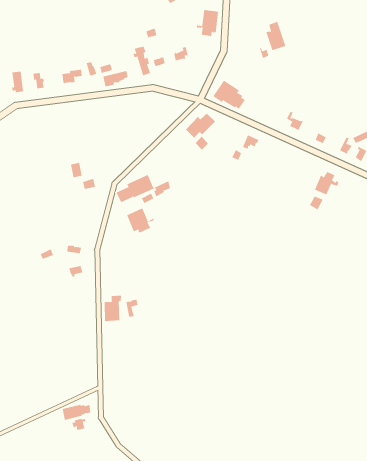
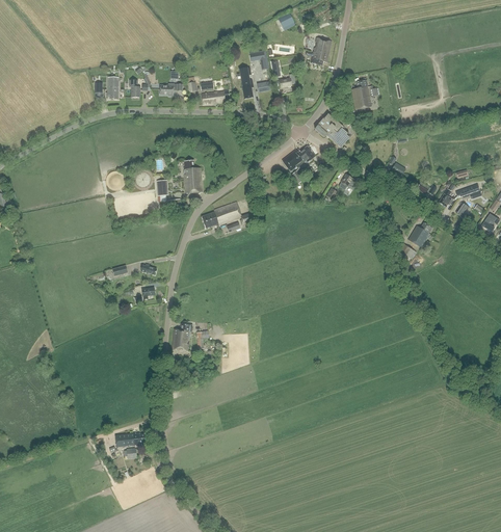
building: [265,21,286,51] -> [350,80,370,110]
building: none -> [183,160,203,194]
building: [126,208,155,234] -> none

